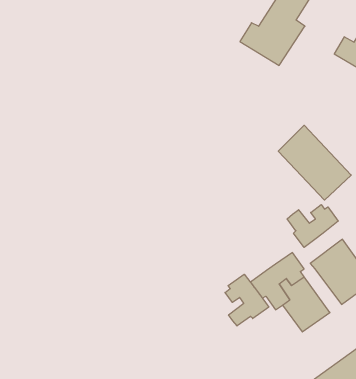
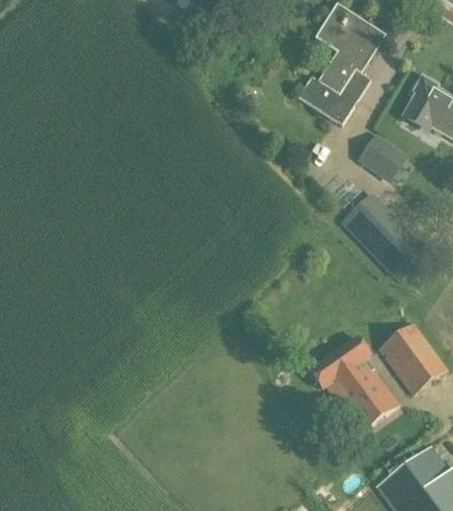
building: none -> [357,134,404,180]
building: [287,205,338,247] -> none
building: [225,274,269,326] -> none

